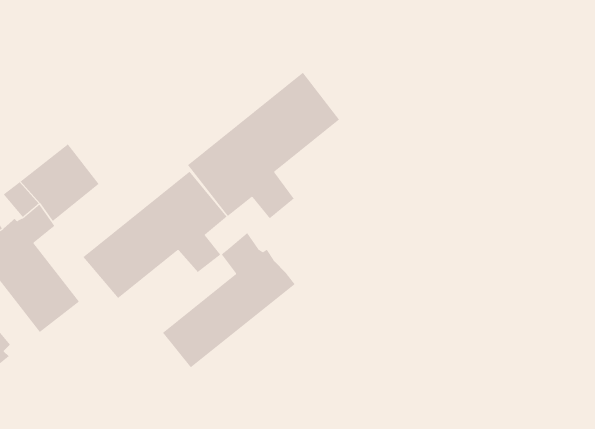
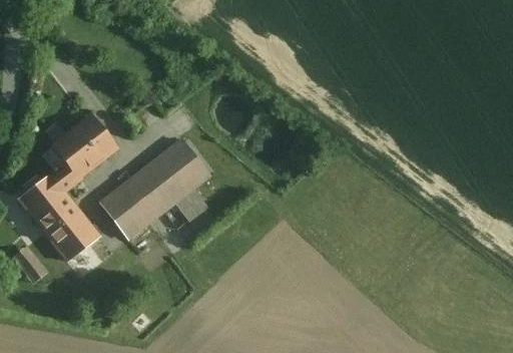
building: [187,72,340,219] -> none
building: [162,232,295,368] -> none

